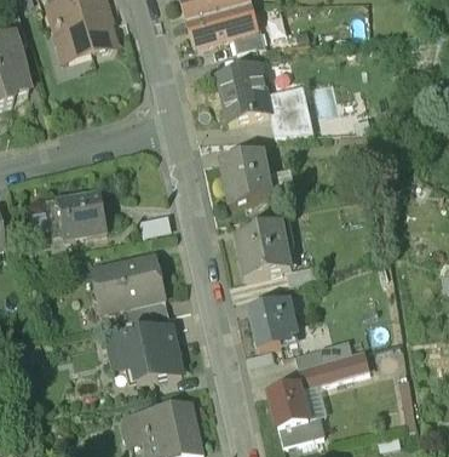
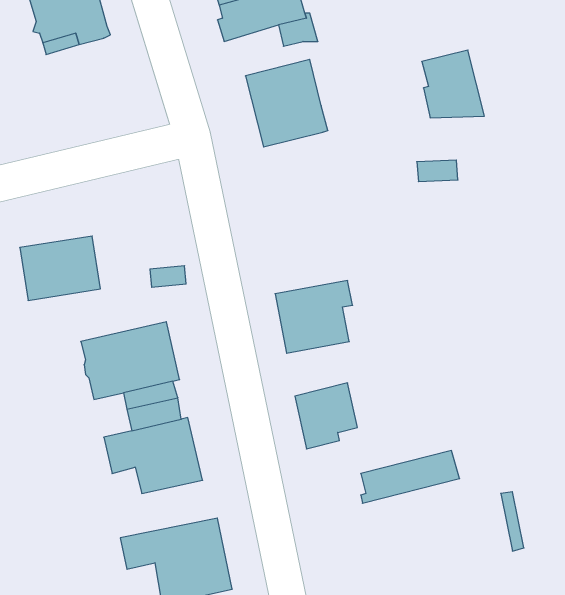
building: [267,86,313,136] -> [422,50,484,118]
building: [220,153,297,202] -> none
building: [267,381,323,442] -> none

